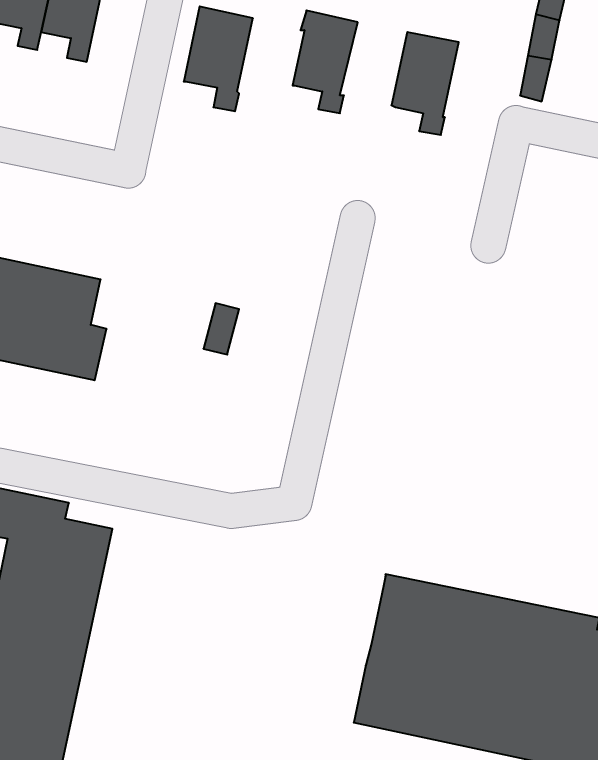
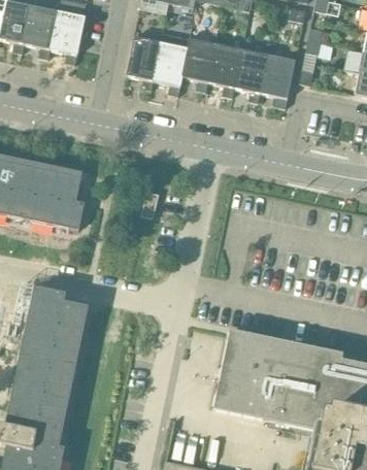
building: none -> [153,40,188,94]
building: none -> [206,42,241,96]
building: none -> [260,53,295,107]

